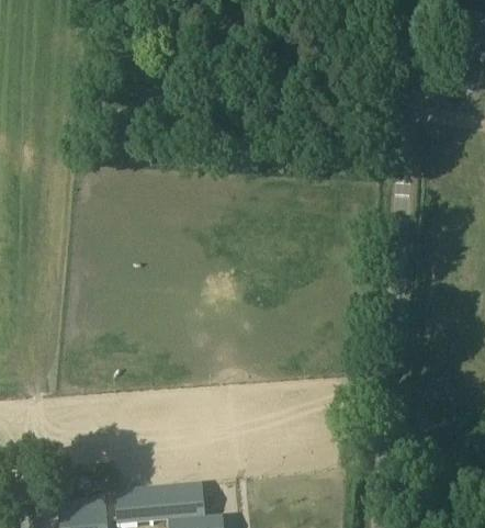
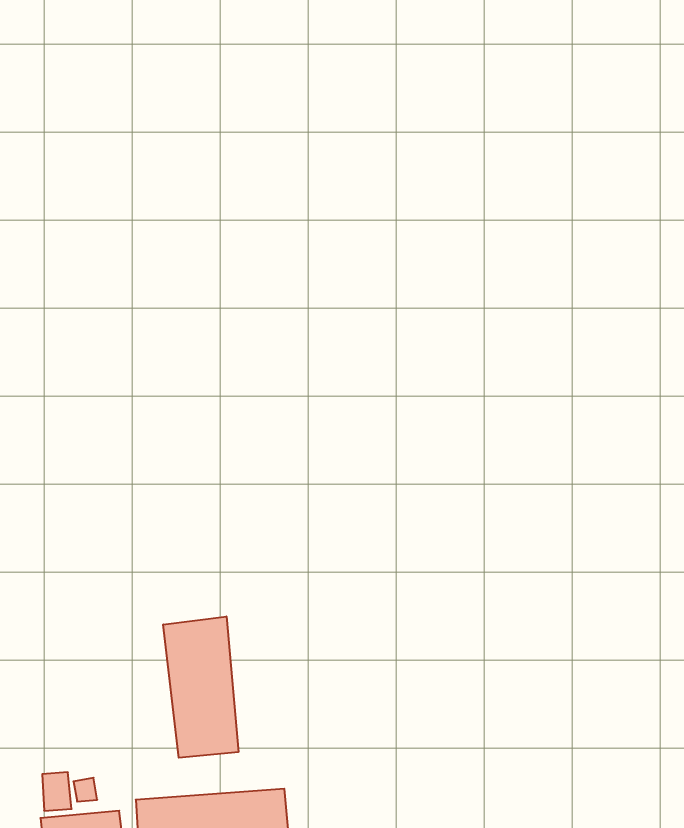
building: none -> [163,616,238,758]

